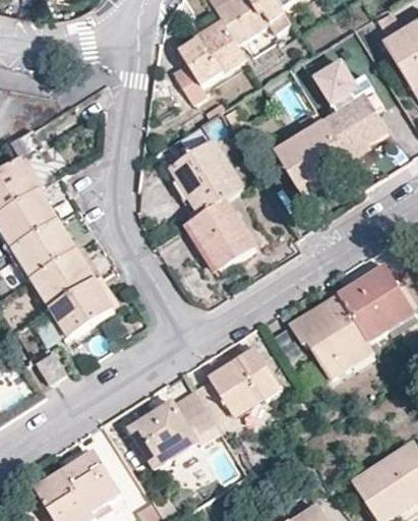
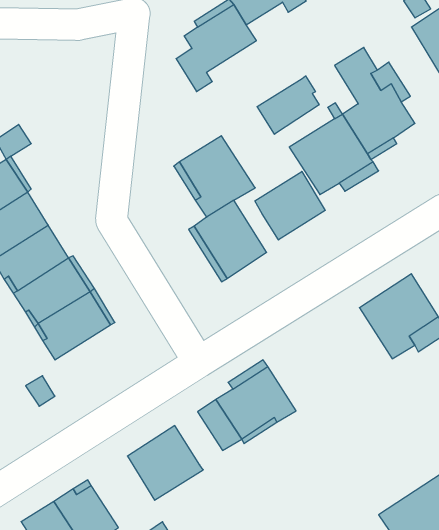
building: none -> [257,76,319,134]
building: none -> [255,171,325,240]
building: [290,294,371,375] -> none
building: [171,388,214,436] -> none

